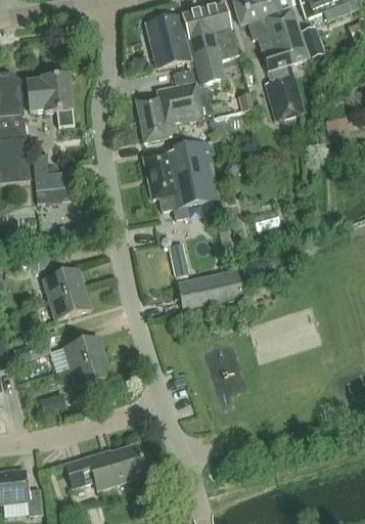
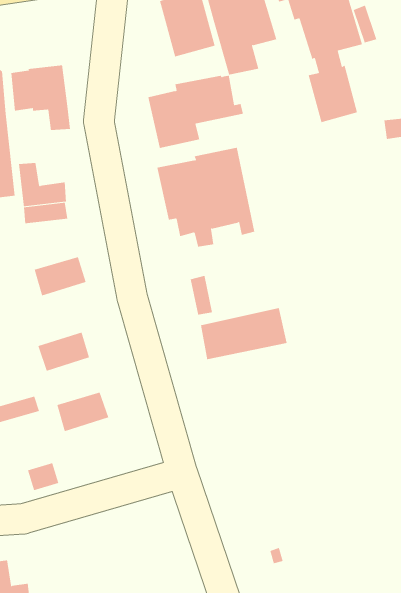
building: [41,266,83,298] -> [34,257,86,296]
building: [69,355,110,387] -> none
building: [64,442,145,489] -> none

